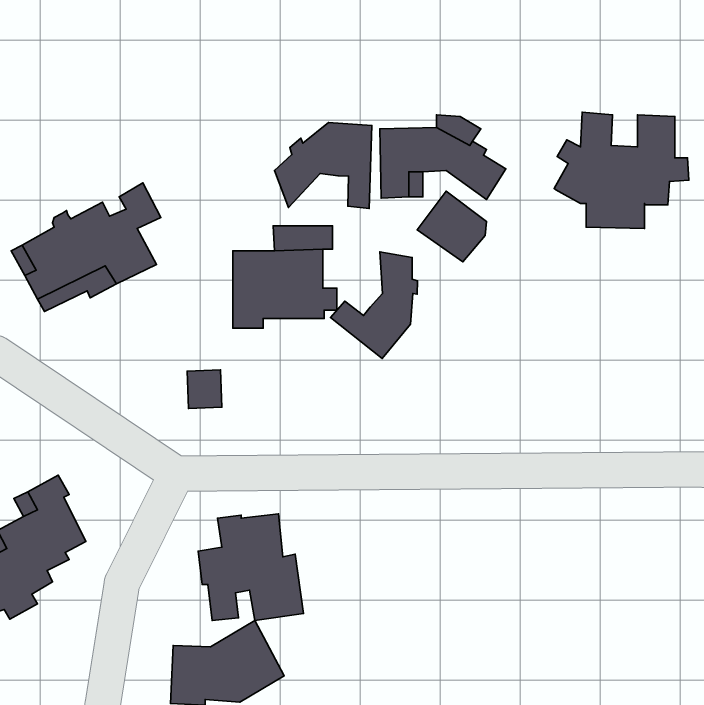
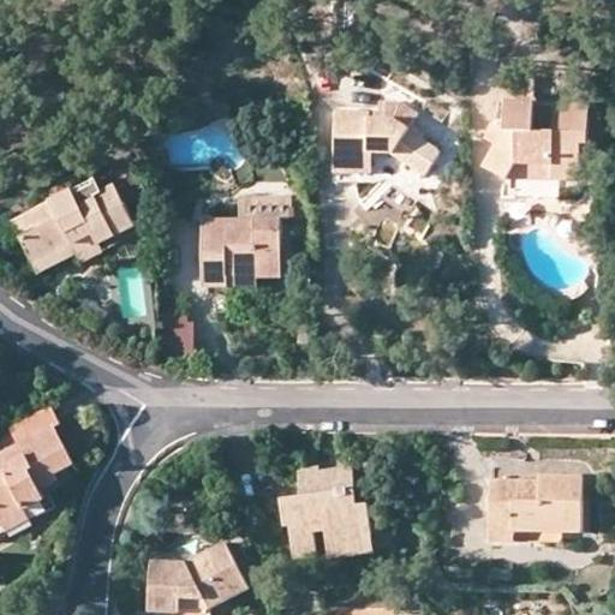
building: [275,122,372,208] -> none
building: [330,252,418,358] -> none
building: [198,514,303,621] -> [280,465,371,557]
building: none -> [489,473,580,542]

